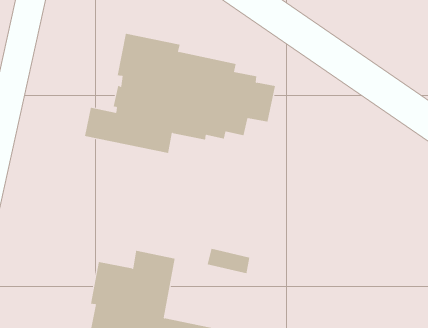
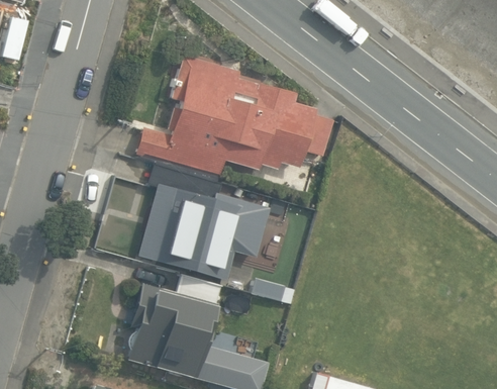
building: none -> [139,165,265,281]

